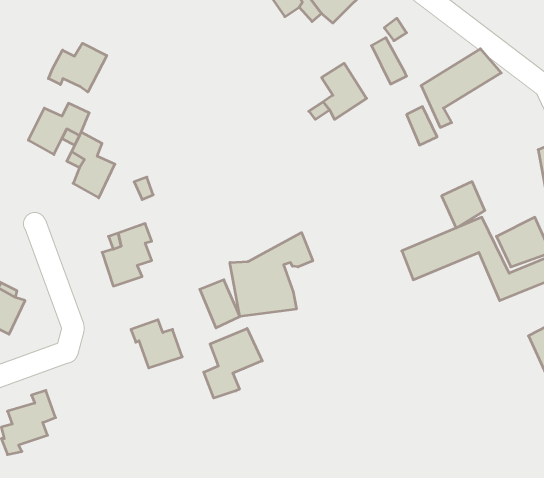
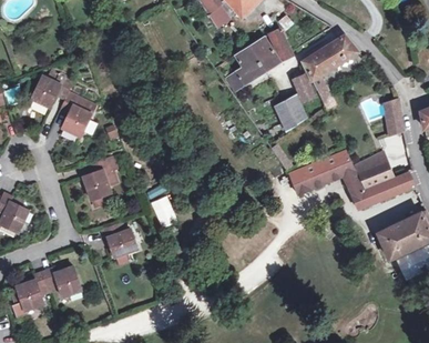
building: [48,43,107,92] -> none
building: none -> [249,37,278,69]
building: [442,182,485,228] -> [275,97,305,129]
building: [230,233,313,317] -> none
building: [204,328,262,398] -> none
building: none -> [43,265,81,295]

